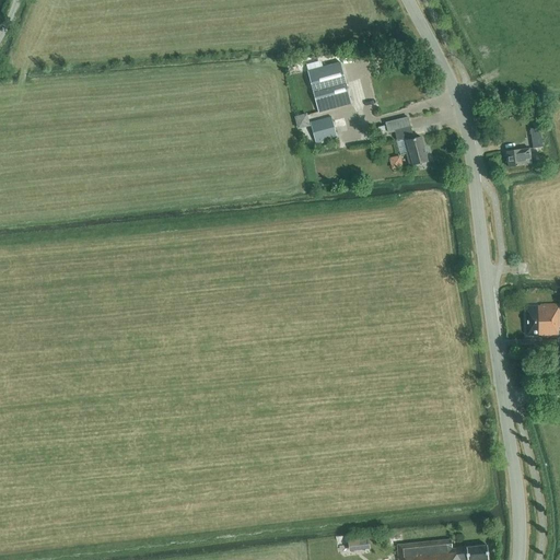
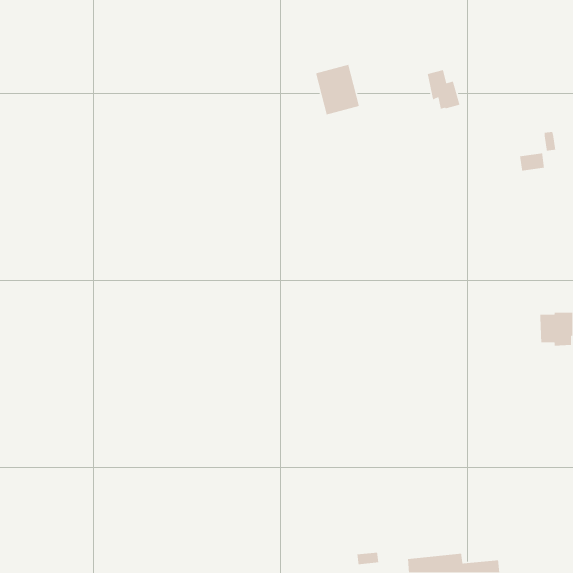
building: [311,117,337,143] -> none
building: [395,126,428,165] -> [427,69,460,110]

